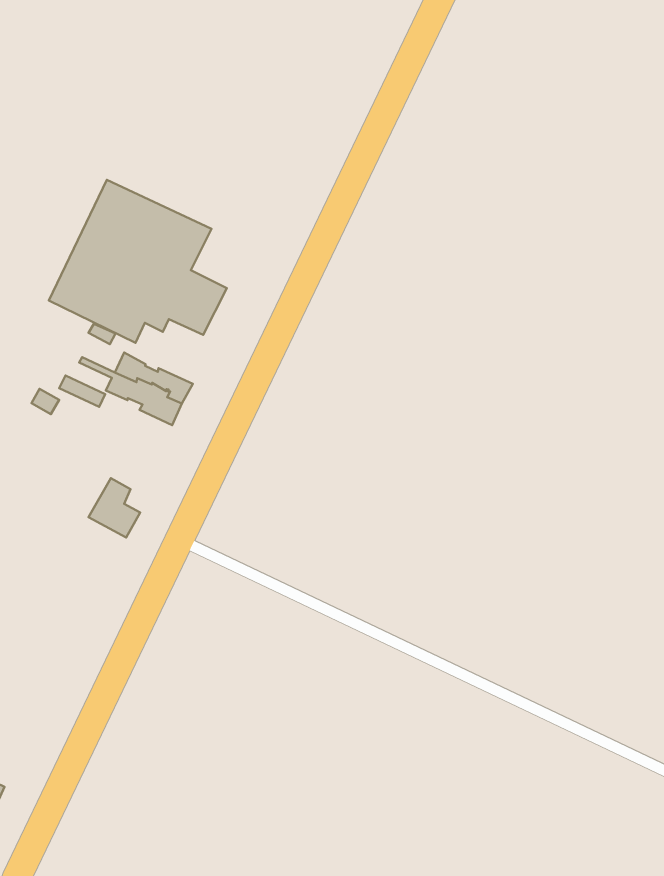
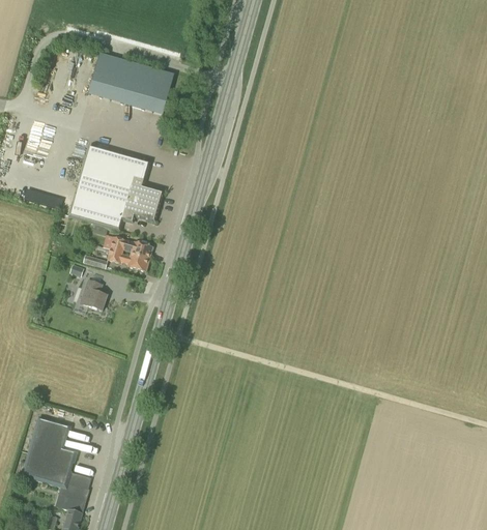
building: none -> [87,52,174,113]
building: [89,478,140,537] -> [81,279,108,310]

